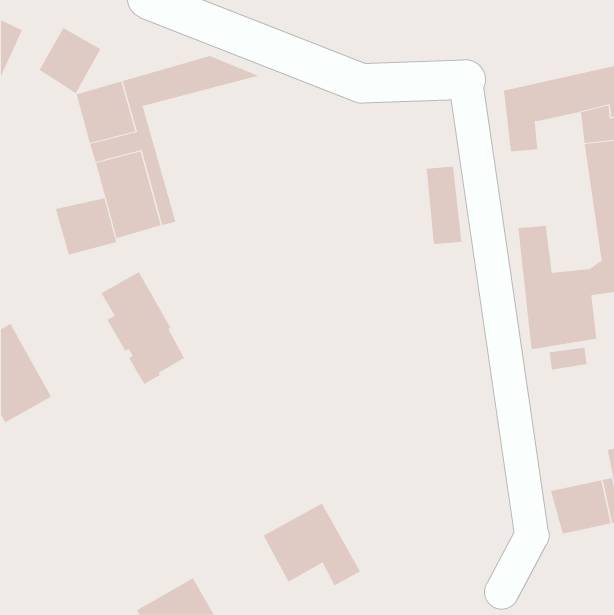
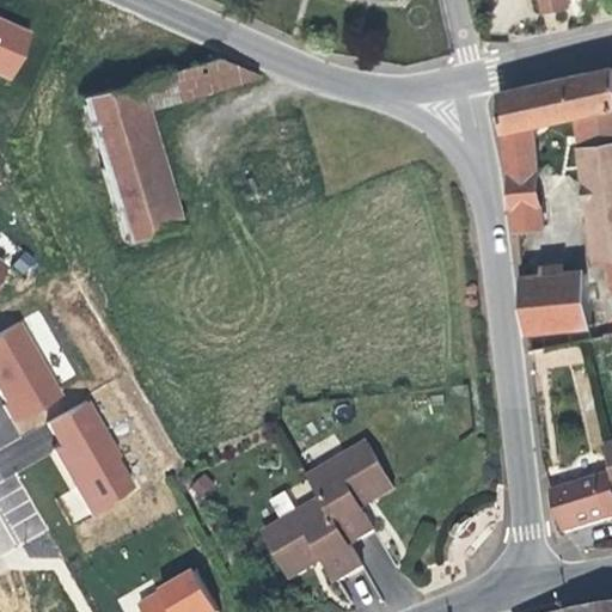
building: [39,27,101,94] -> none
building: [426,166,462,245] -> [508,148,544,226]
building: [55,198,117,256] -> none
building: [100,271,185,385] -> [42,399,126,512]
building: none -> [308,442,393,544]

